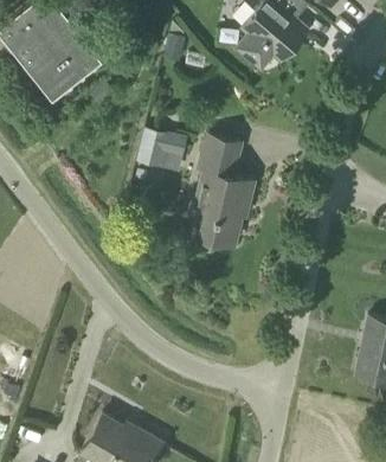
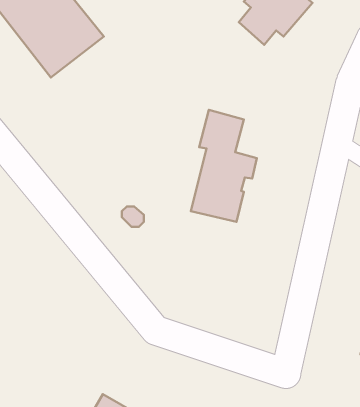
building: [137,128,187,167] -> none

